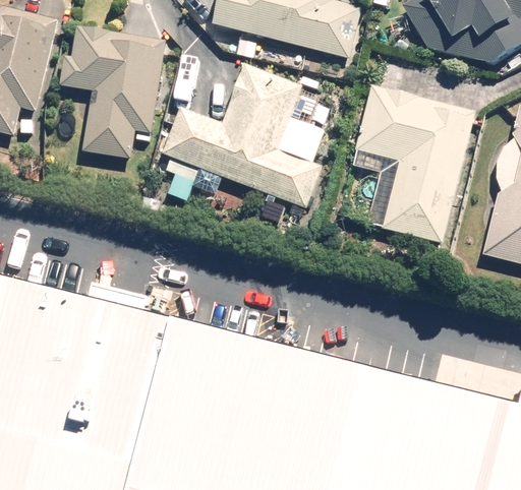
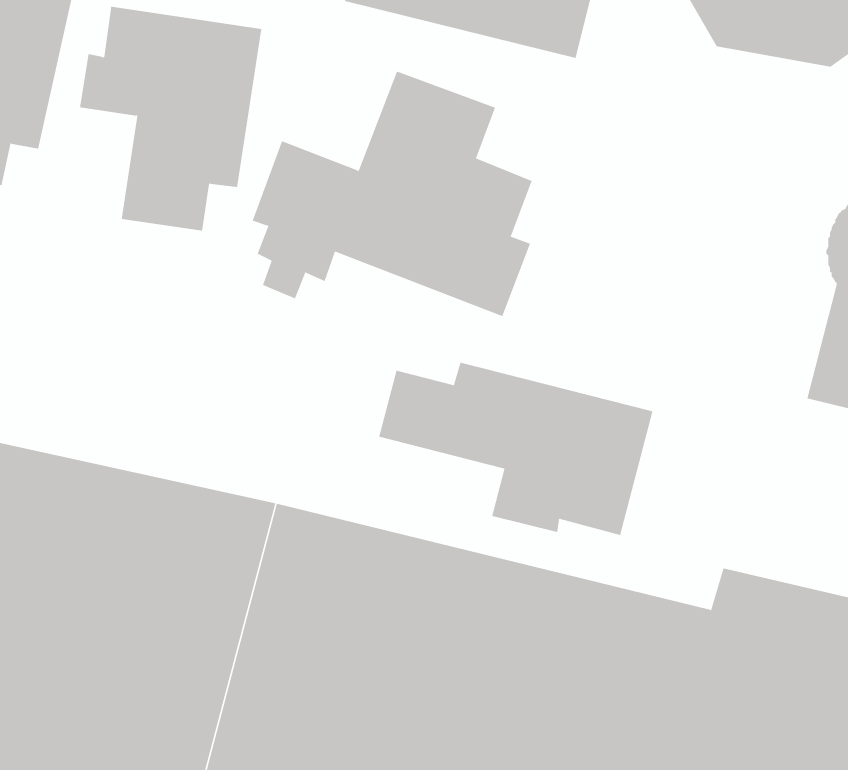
building: [355,84,480,248] -> none
building: none -> [379,362,653,536]

